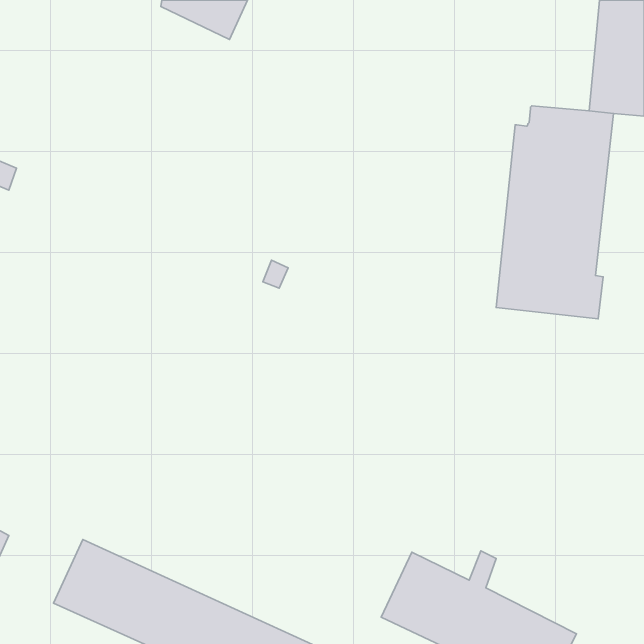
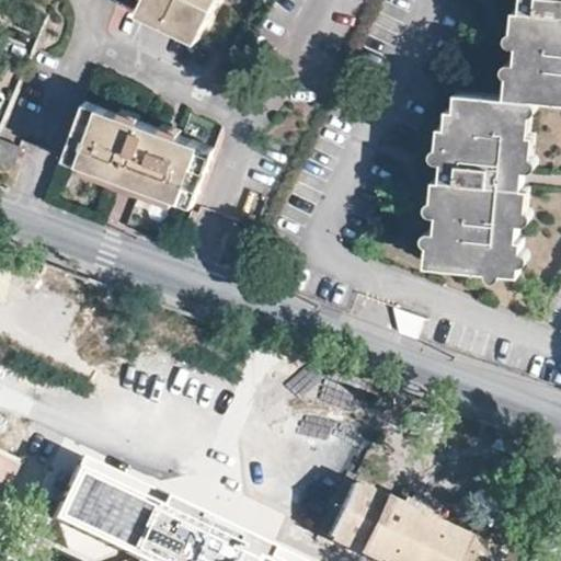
building: none -> [60,103,210,208]

